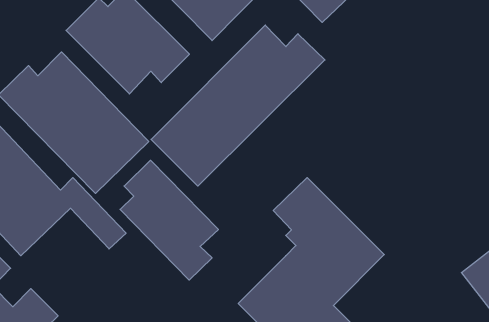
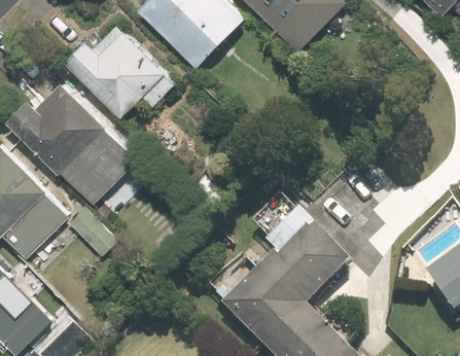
building: [151,25,325,186] -> none
building: [120,160,218,280] -> none

